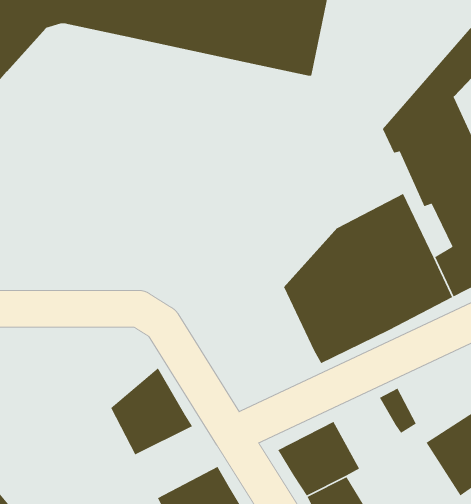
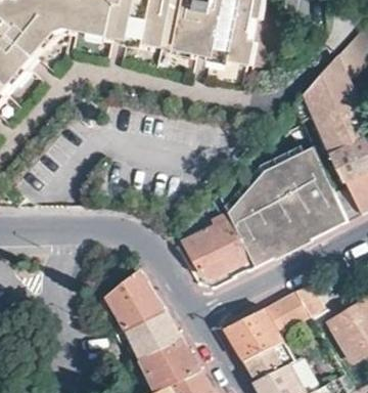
building: none -> [184,191,248,275]
building: none -> [263,290,306,340]
building: none -> [113,310,181,360]

